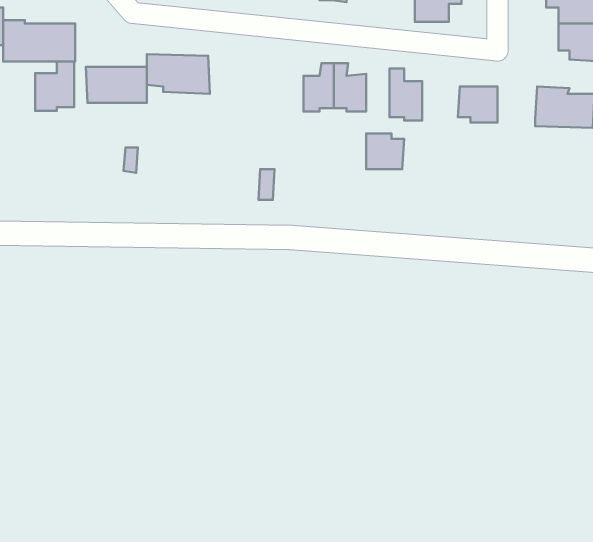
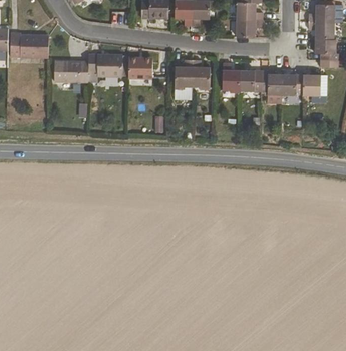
building: none -> [128,58,152,78]
building: [35,61,74,111] -> none
building: none -> [283,73,305,93]
building: [366,133,404,169] -> [241,70,262,90]

